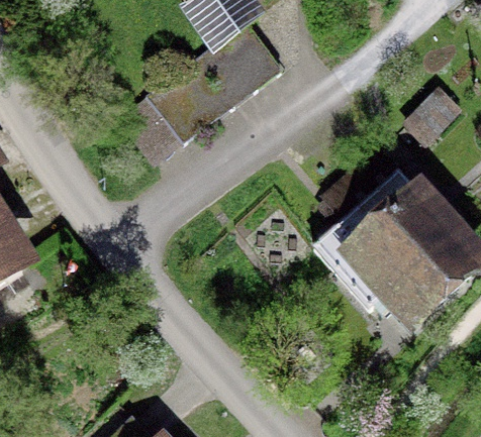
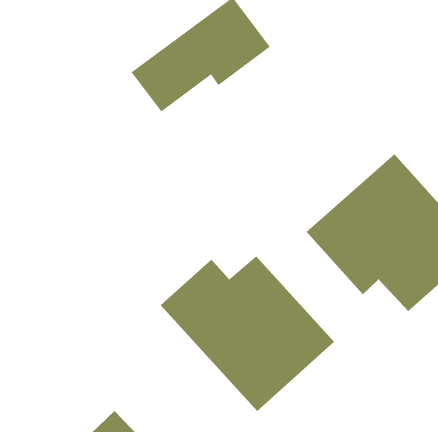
building: none -> [160,256,335,412]

